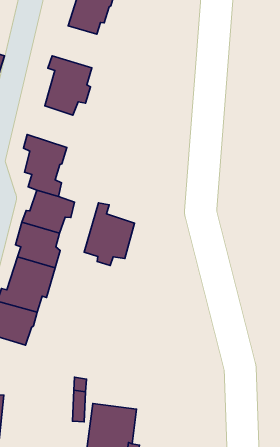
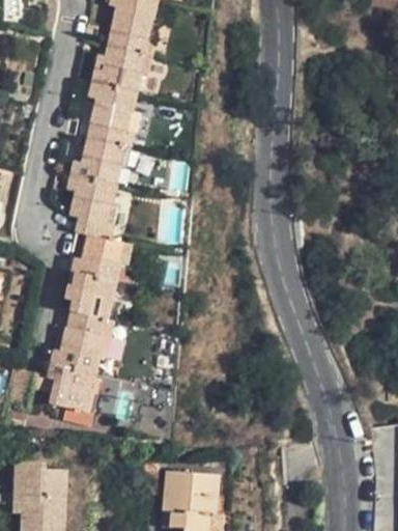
building: none -> [93,47,152,92]
building: none -> [72,139,130,185]
building: [84,203,134,265] -> none

